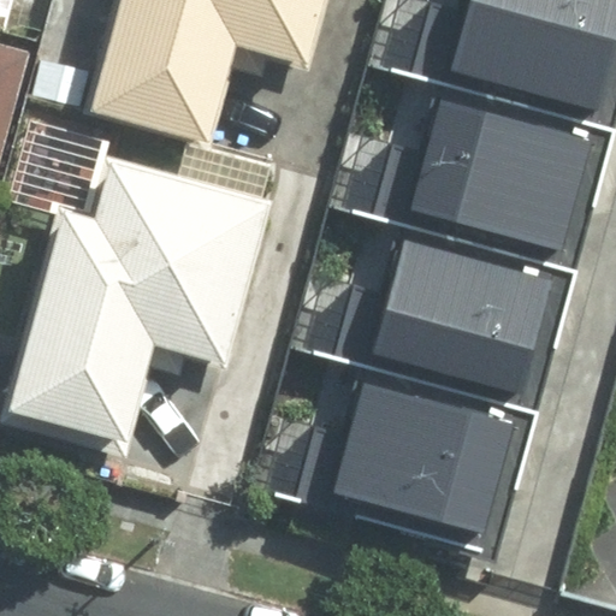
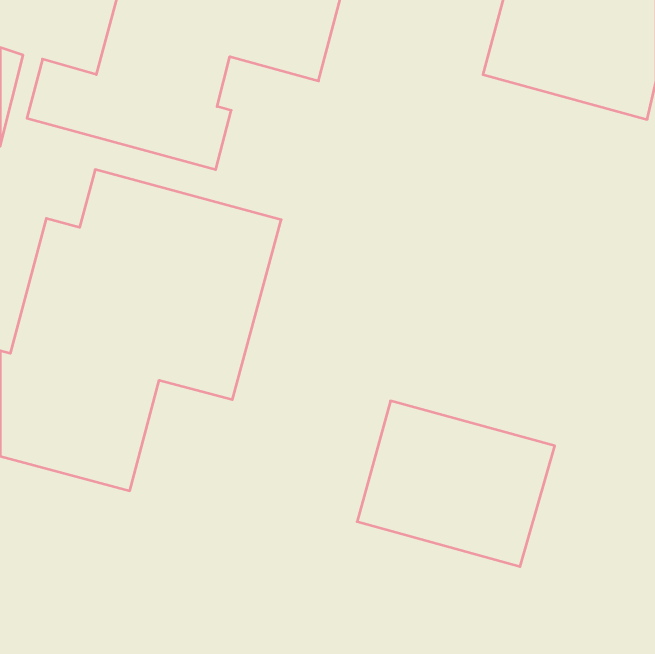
building: [420,99,605,255] -> none
building: [378,238,563,395] -> none

